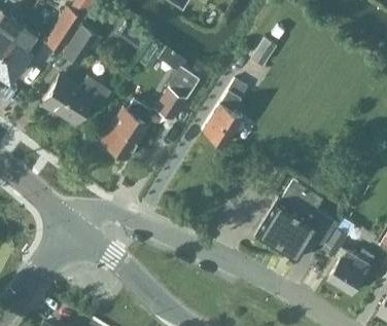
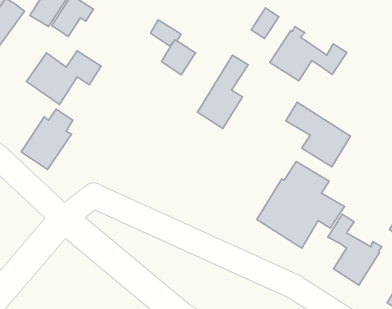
building: none -> [270,26,347,81]
building: [153,84,187,118] -> none
building: [101,98,149,154] -> [21,109,73,169]
building: none -> [286,102,350,167]

